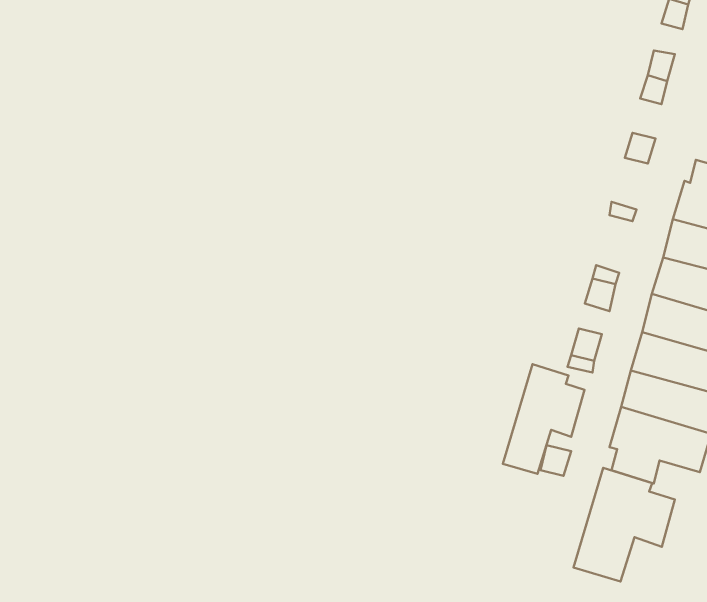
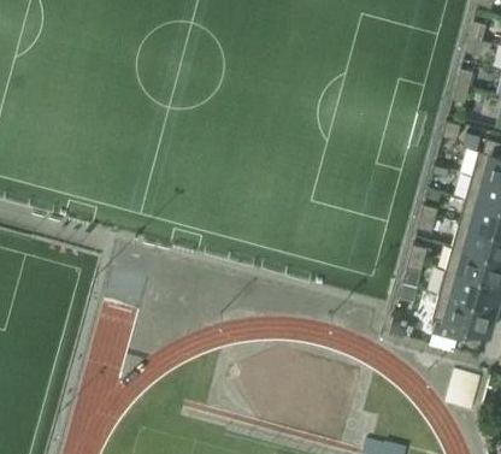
building: [503,364,585,474] -> none
building: [574,468,675,581] -> none

